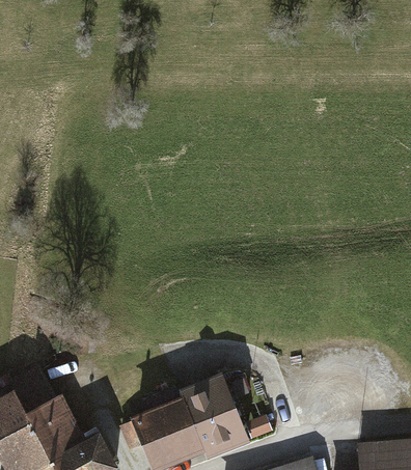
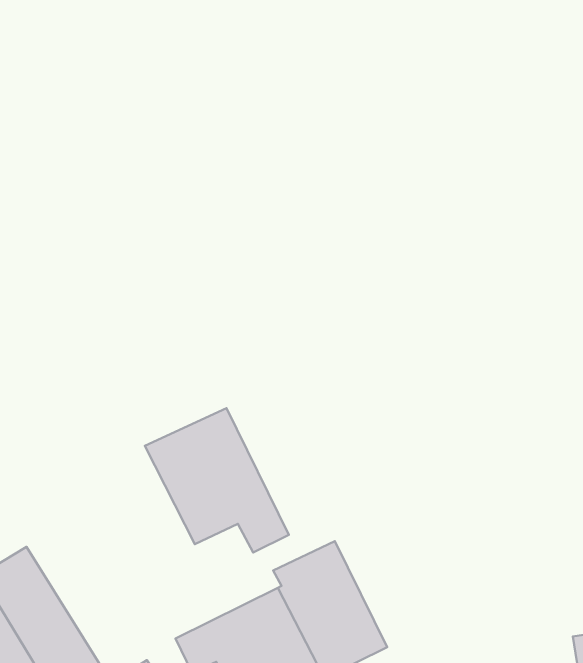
building: none -> [145,408,289,552]

